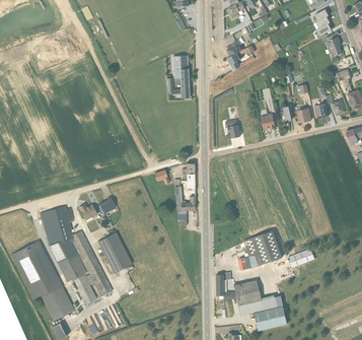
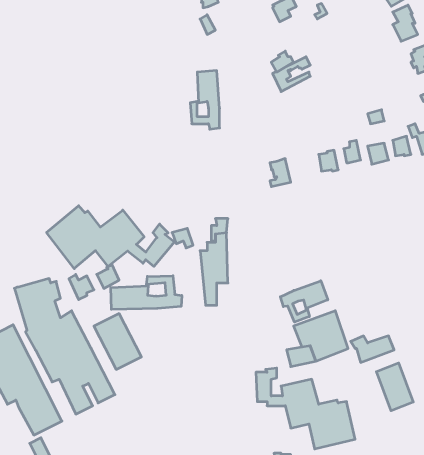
building: none -> [47,206,175,269]
building: none -> [111,276,182,309]
building: none -> [280,281,328,322]
building: none -> [376,363,413,411]

